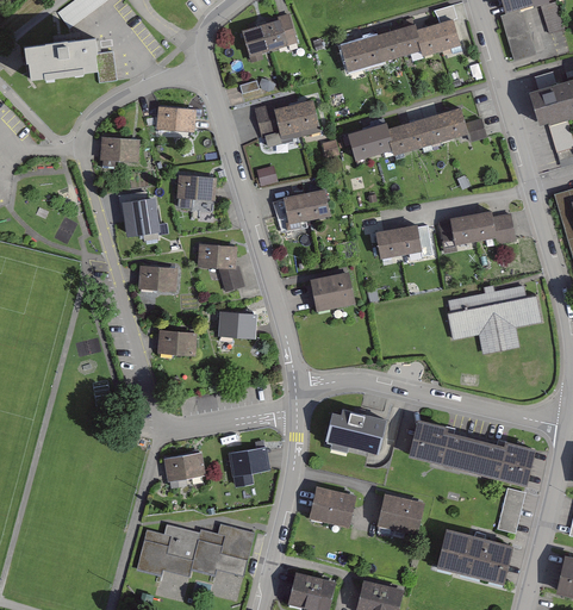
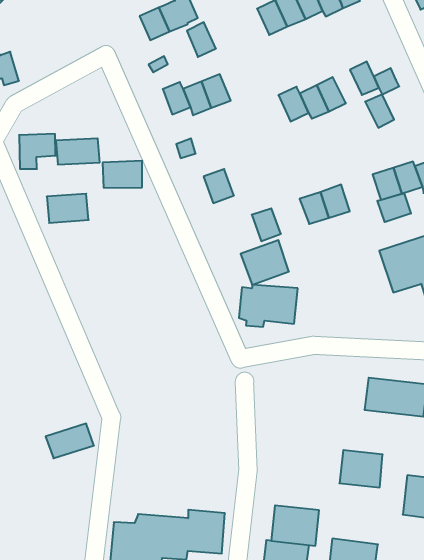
building: [338,43,365,76] -> [187,22,216,57]
building: [158,106,201,133] -> [56,138,100,164]
building: [422,116,448,148] -> [365,95,394,128]
building: [345,131,374,164] -> none
building: [303,193,329,224] -> [252,208,281,241]
building: [199,243,247,293] -> none
building: none -> [377,193,411,222]
building: [141,264,181,295] -> none
building: [219,310,261,343] -> none
building: [160,329,200,360] -> none
building: [323,404,385,448] -> [239,285,298,327]
building: [228,446,267,484] -> none
building: [158,449,205,479] -> [46,424,94,458]
building: [304,480,355,525] -> [271,505,319,546]

